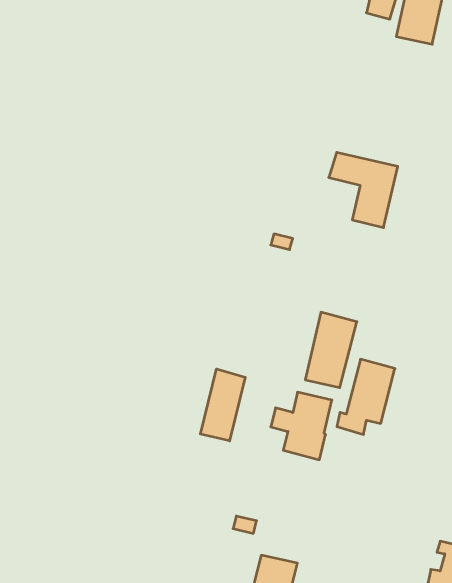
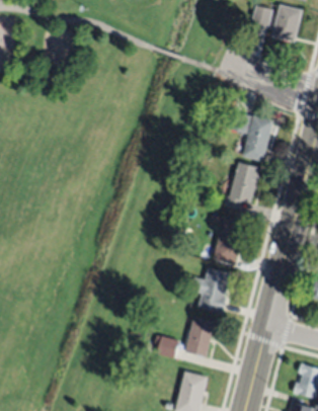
building: [337,359,395,434] -> [223,161,260,210]
building: [200,369,245,441] -> none
building: none -> [184,318,219,357]

